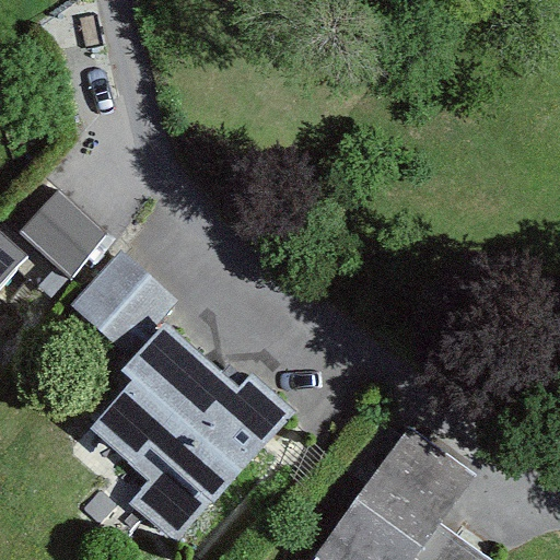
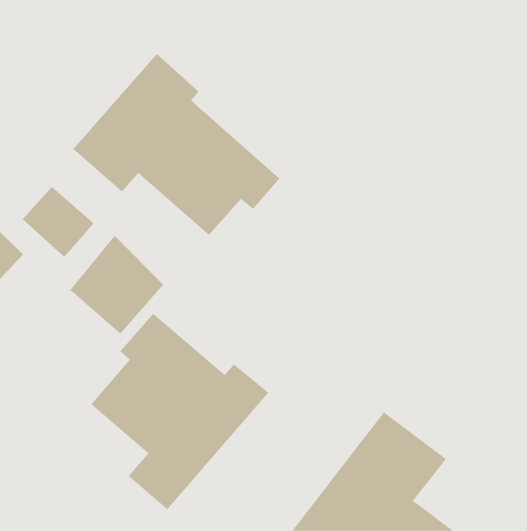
building: none -> [73,53,280,236]

